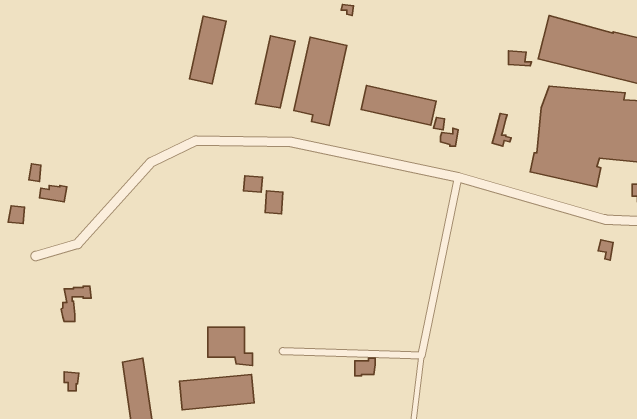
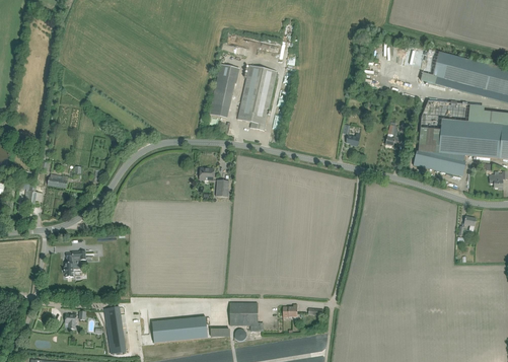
building: [189,16,226,84] -> none
building: [361,86,436,125] -> none
building: [208,327,253,365] -> [230,303,264,332]

